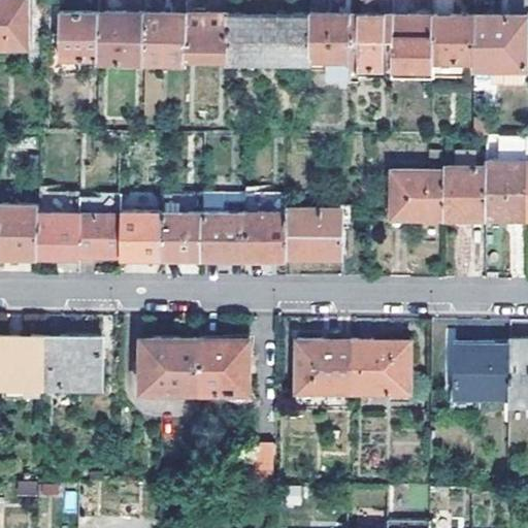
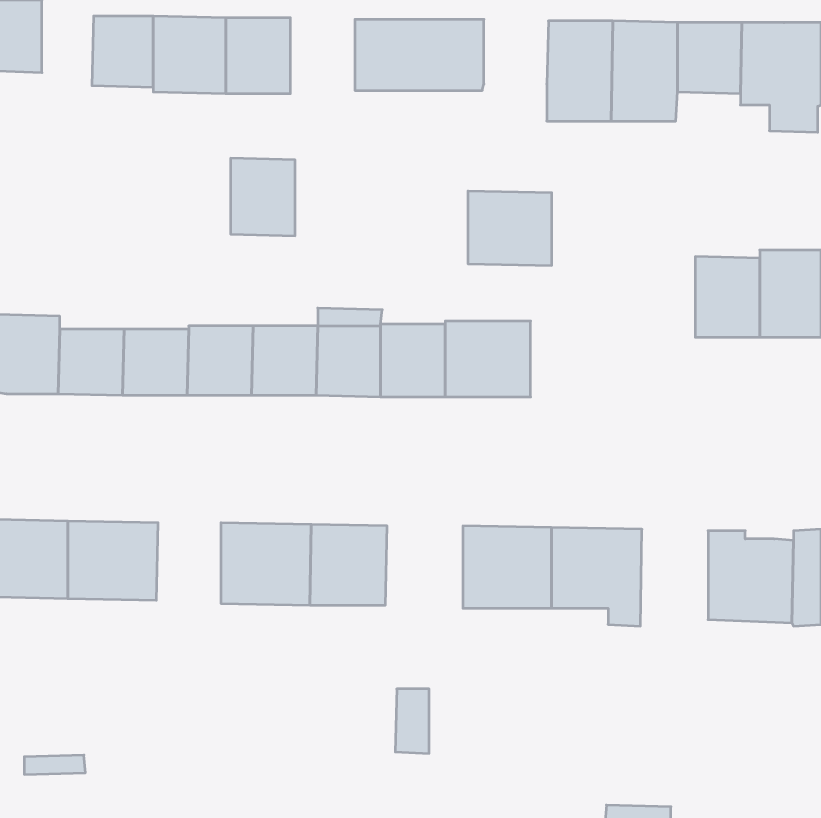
building: [186,15,227,65] -> [231,158,295,236]
building: [309,16,351,58] -> none
building: [391,172,444,220] -> [468,191,552,265]

